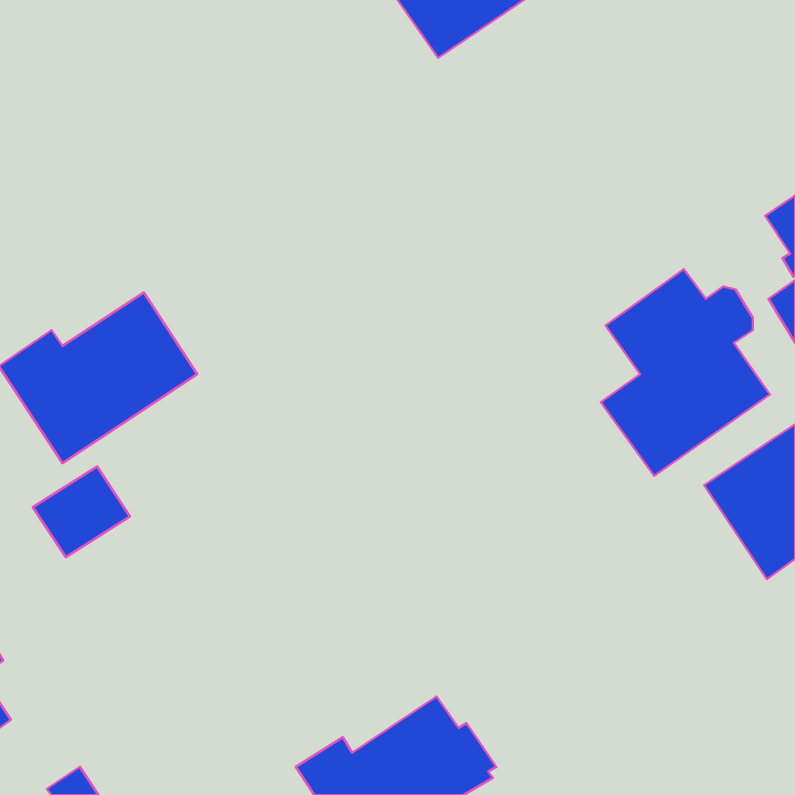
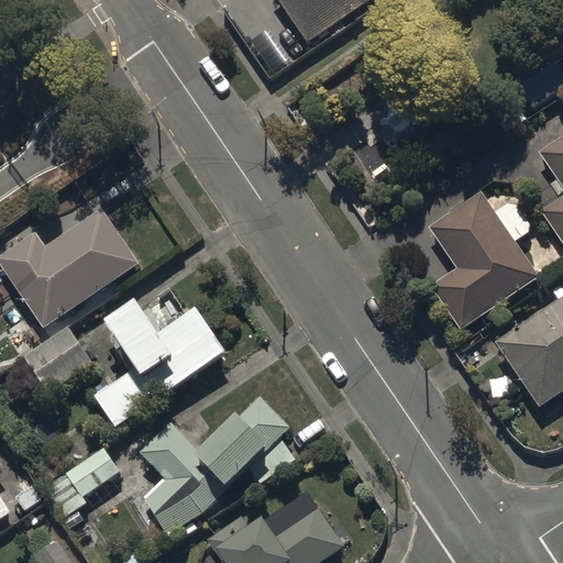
building: none -> [93,301,227,428]
building: none -> [141,396,291,532]
building: none -> [46,445,120,517]

